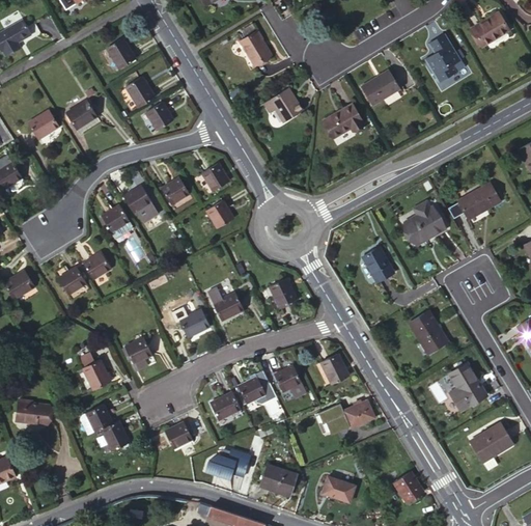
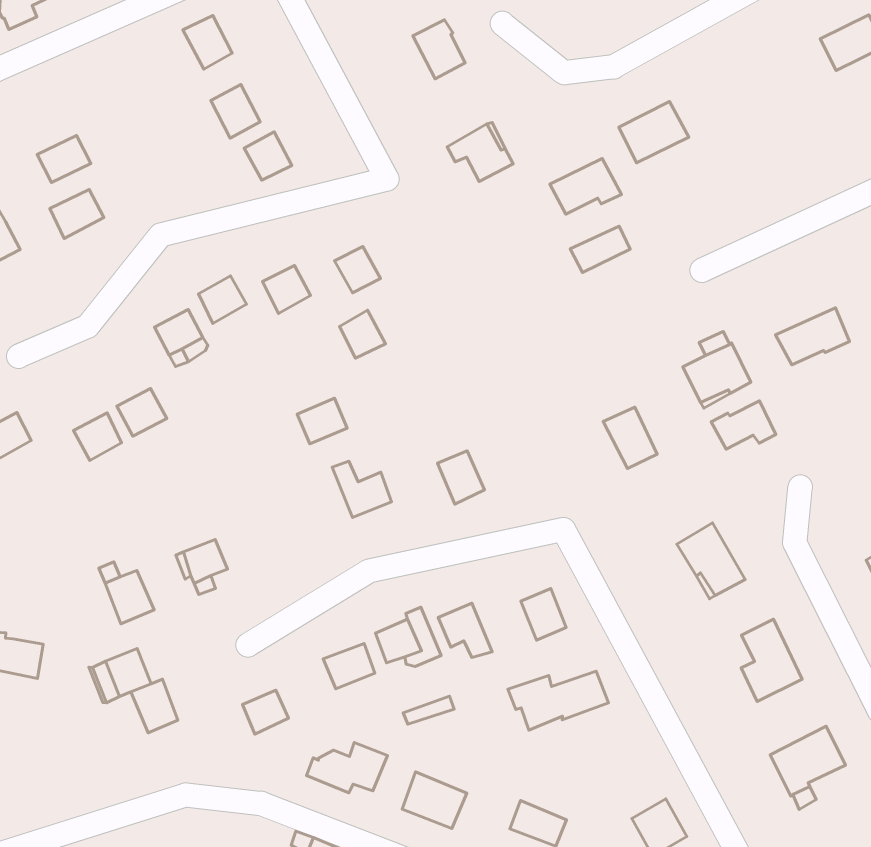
building: [424,35,464,84] -> none
building: [65,102,96,131] -> [50,189,104,239]
building: none -> [570,226,630,272]
building: none -> [711,401,776,449]
building: [179,310,208,337] -> [297,398,347,444]

